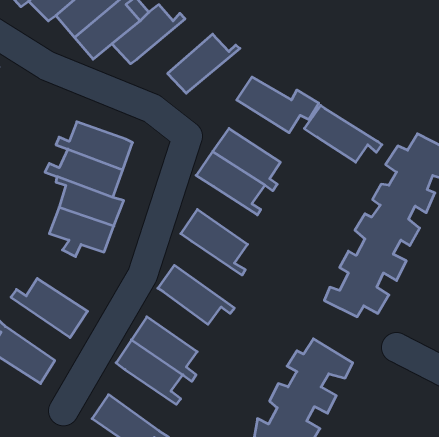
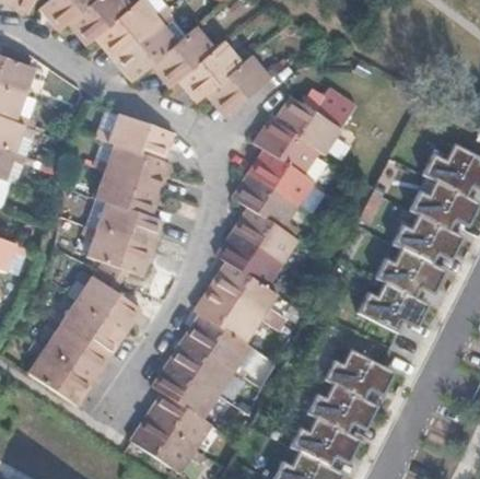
building: none -> [174,37,249,98]
building: none -> [95,108,173,157]
building: [304,105,382,162] -> [253,115,330,172]
building: none -> [234,205,300,269]
building: none -> [211,259,279,326]
building: none -> [74,268,141,329]
building: none -> [184,309,250,376]
building: none -> [43,315,107,378]
building: none -> [145,387,224,448]

